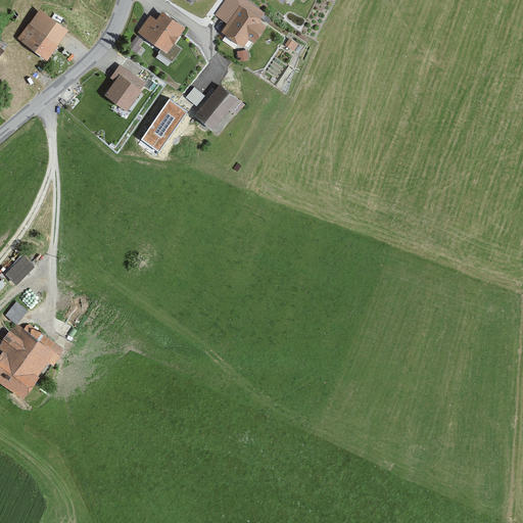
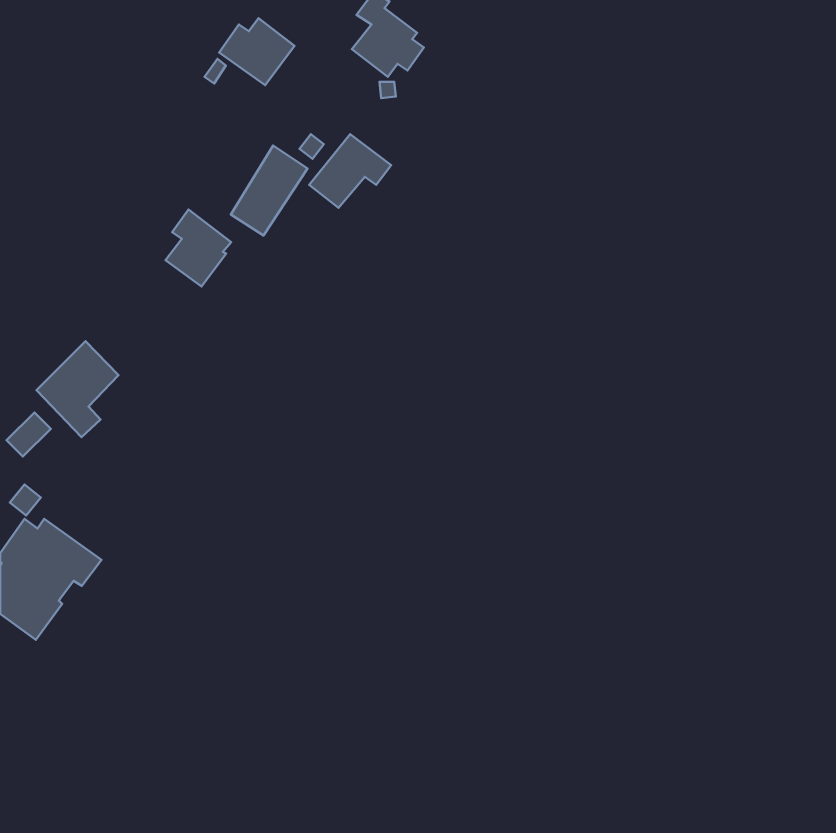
building: [17,9,68,60] -> none
building: [104,63,145,111] -> [166,209,231,286]
building: none -> [37,341,118,437]

